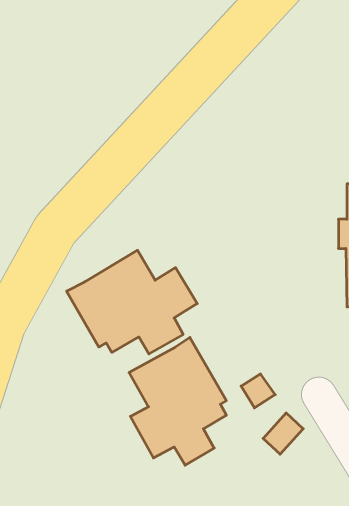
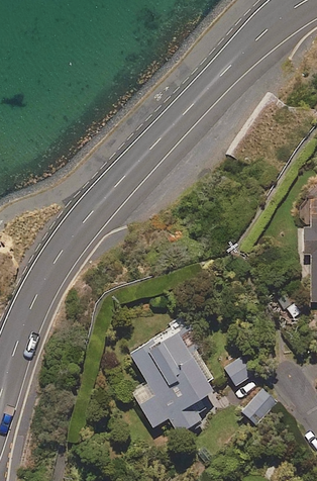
building: [67,250,197,354] -> none

